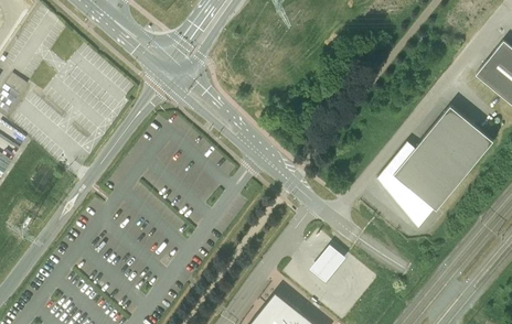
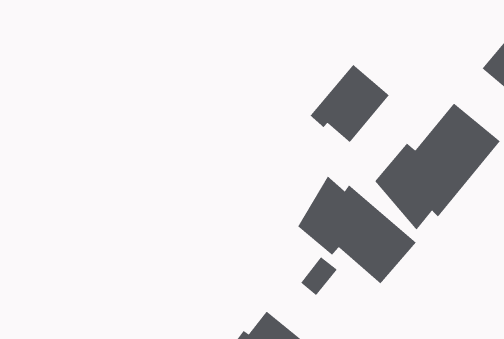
building: none -> [309,64,390,143]
building: none -> [297,175,417,284]

